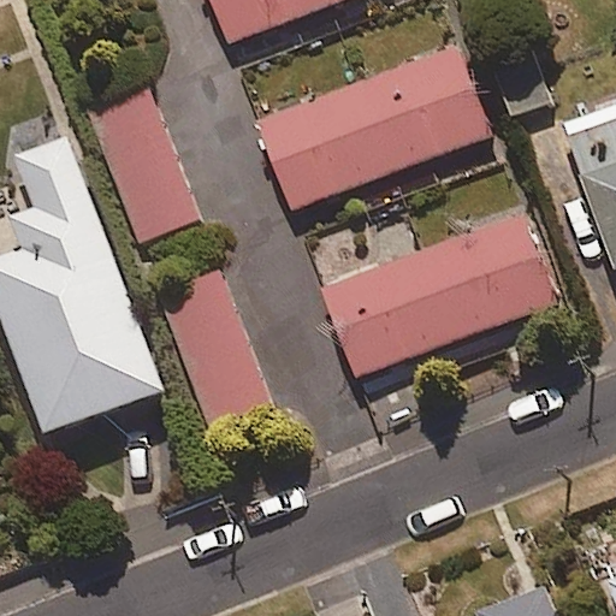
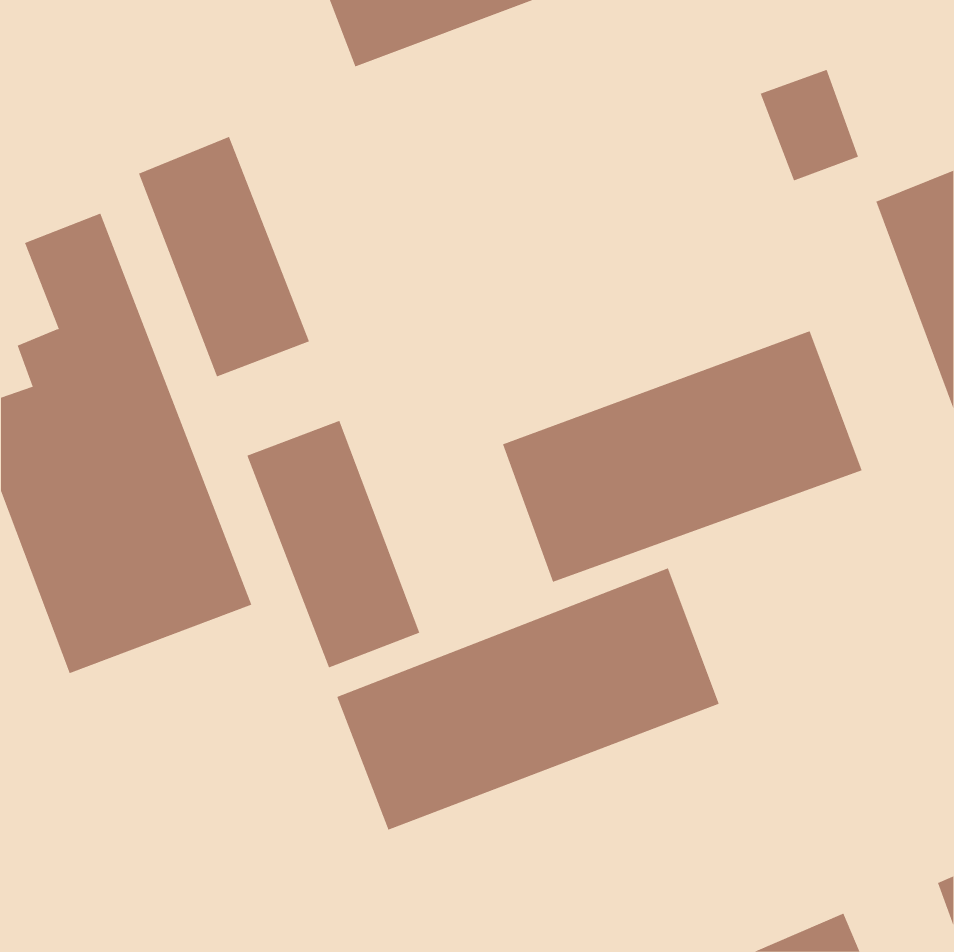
building: [257,46,491,211] -> none
building: none -> [337,567,720,830]

